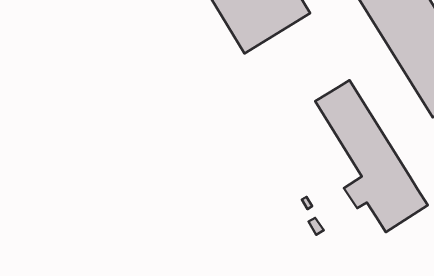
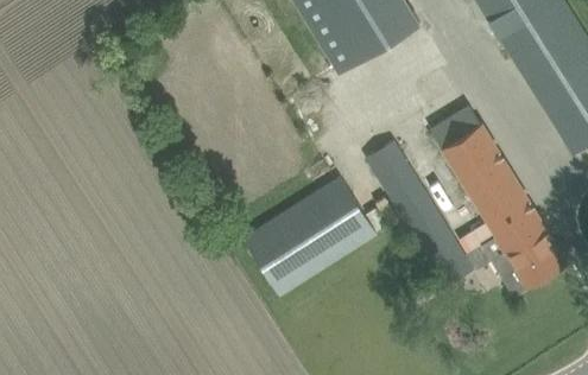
building: none -> [367,141,474,287]
building: none -> [242,177,378,298]

